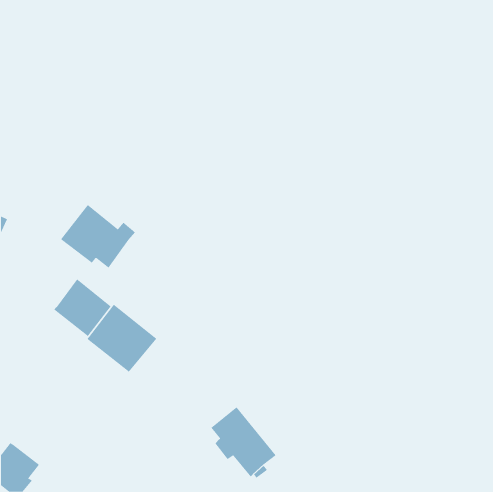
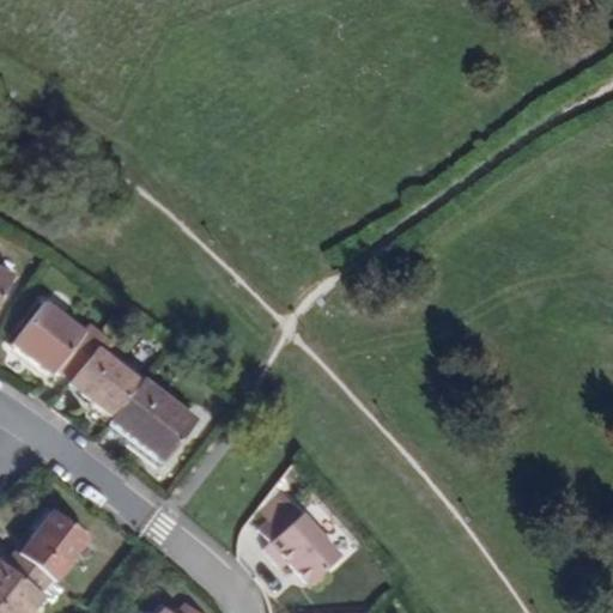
building: [60,204,136,268] -> [13,299,107,378]
building: none -> [20,508,90,577]

